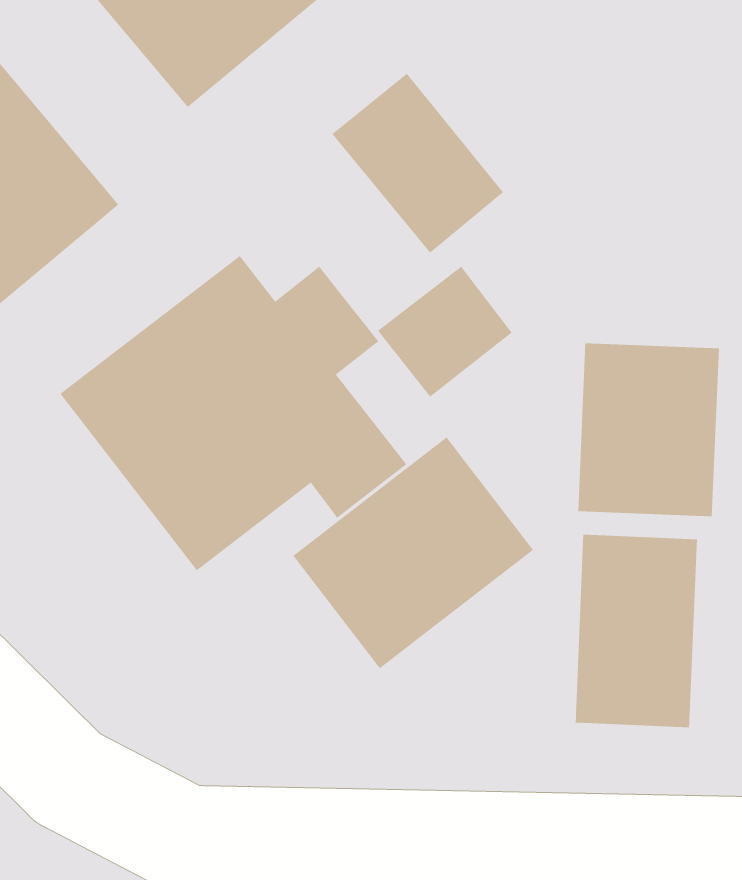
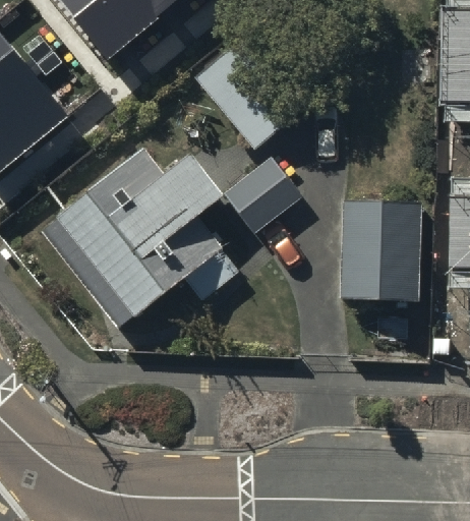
building: [293,437,534,669] -> none
building: [575,534,697,728] -> none

